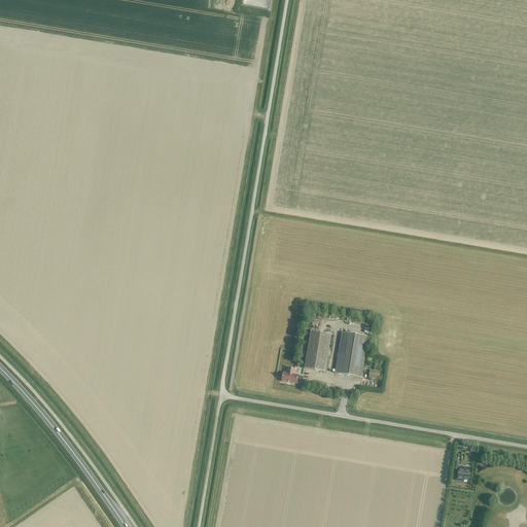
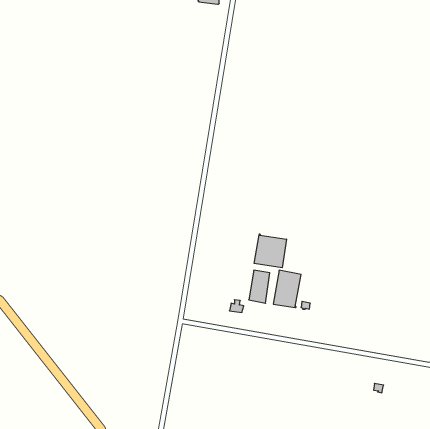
building: none -> [254,234,286,268]

